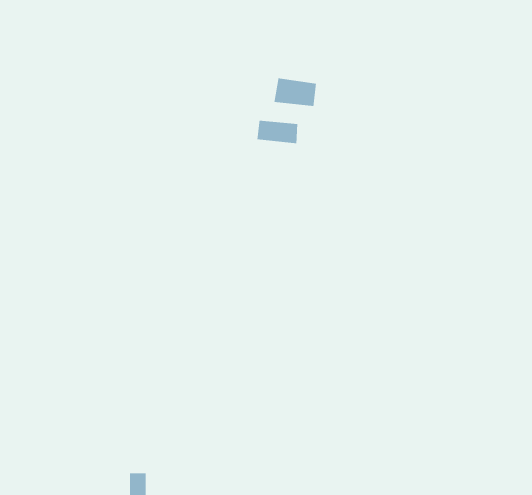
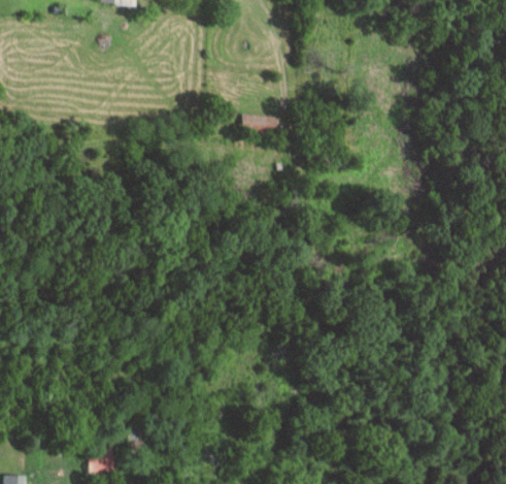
building: [274,77,317,107] -> none

